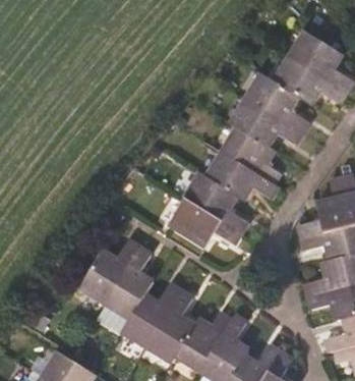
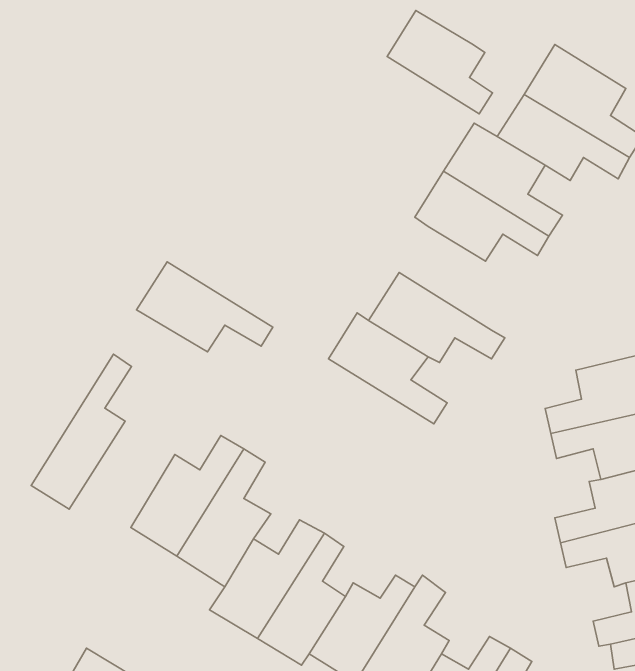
building: [222,127,278,182] -> [387,10,493,114]
building: none -> [31,354,131,509]
building: [168,198,240,246] -> [137,262,273,352]

